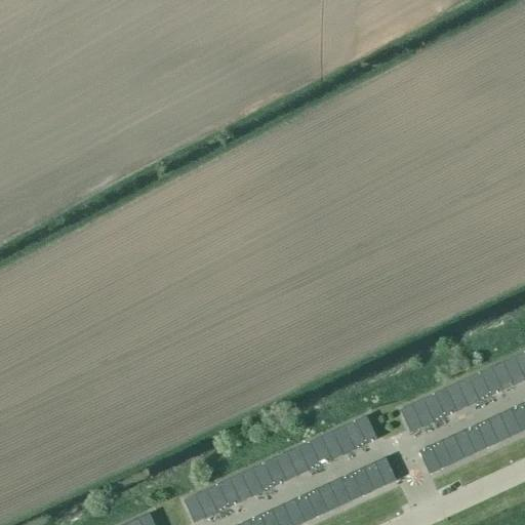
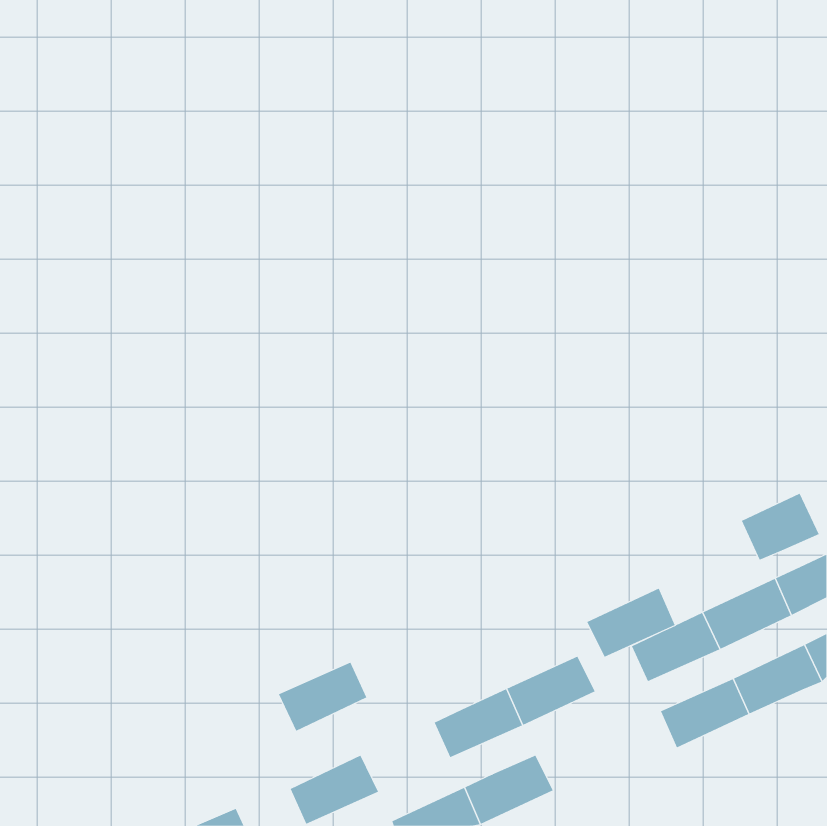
building: none -> [741,493,820,561]
building: [339,456,396,500] -> [586,588,676,657]
building: [229,457,285,501] -> [278,662,367,731]

